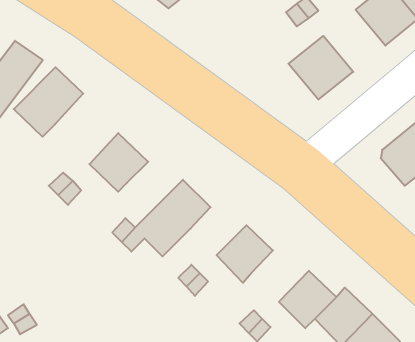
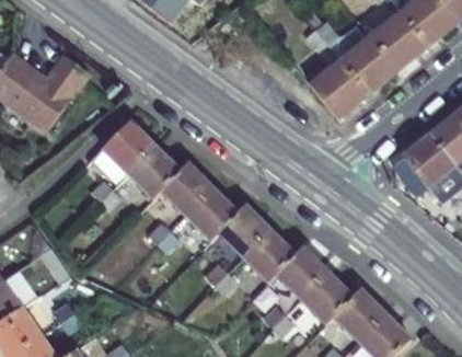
building: none -> [340,33,397,90]
building: [14,67,83,137] -> [90,122,153,185]
building: none -> [161,164,212,217]
building: none -> [219,206,270,257]
building: none -> [275,245,327,300]

